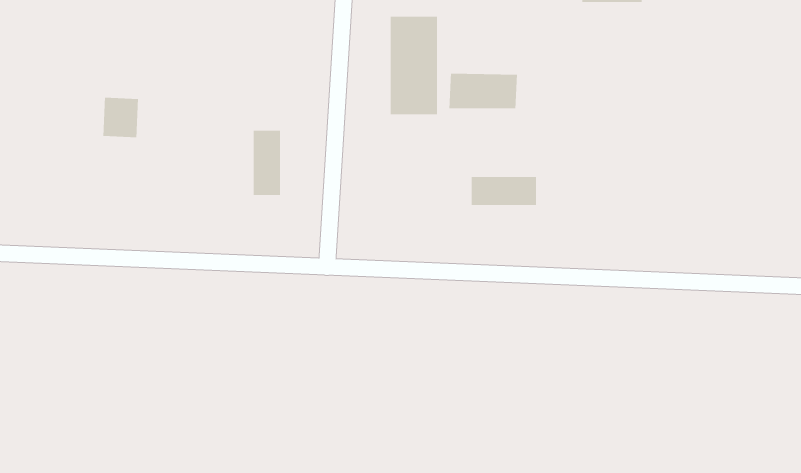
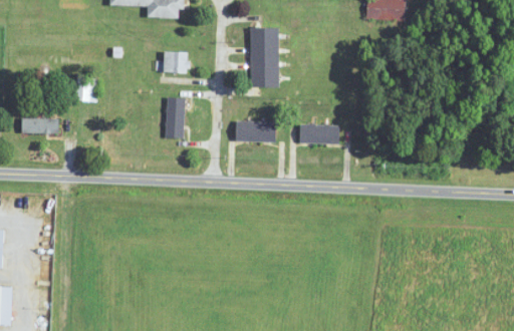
building: none -> [163,51,188,72]
building: [449,73,518,109] -> [235,120,277,142]
building: none -> [21,118,57,133]

